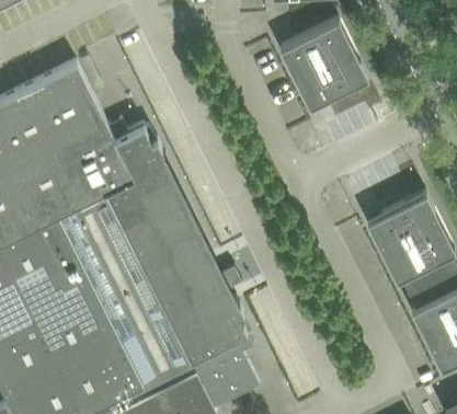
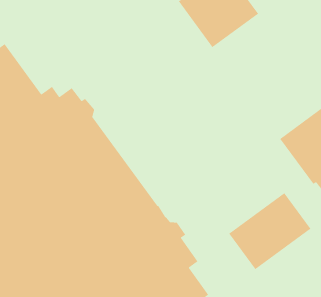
building: none -> [228,192,311,270]

